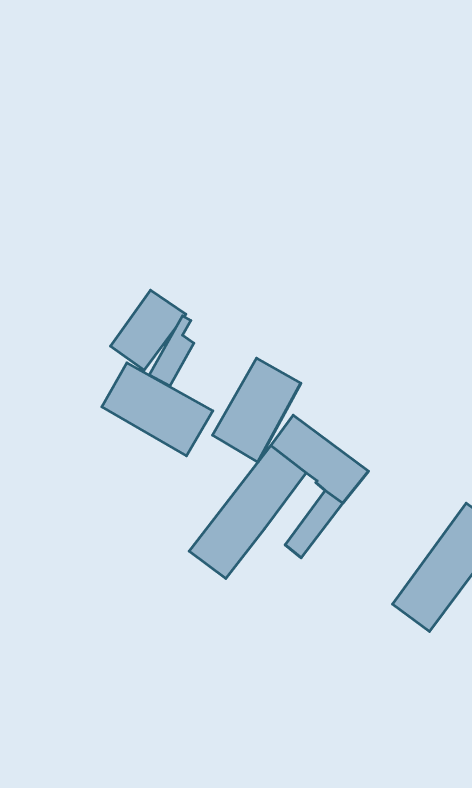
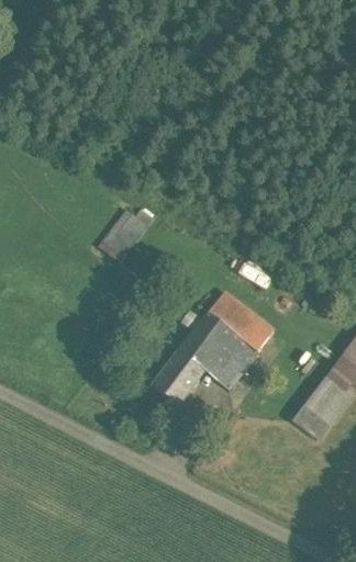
building: [213,358,301,462] -> none
building: [102,363,213,456] -> none

